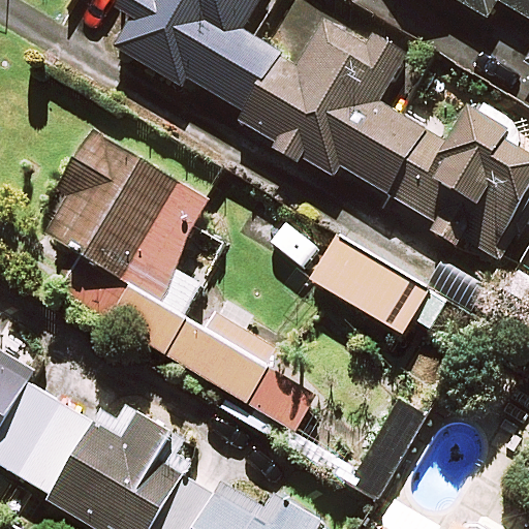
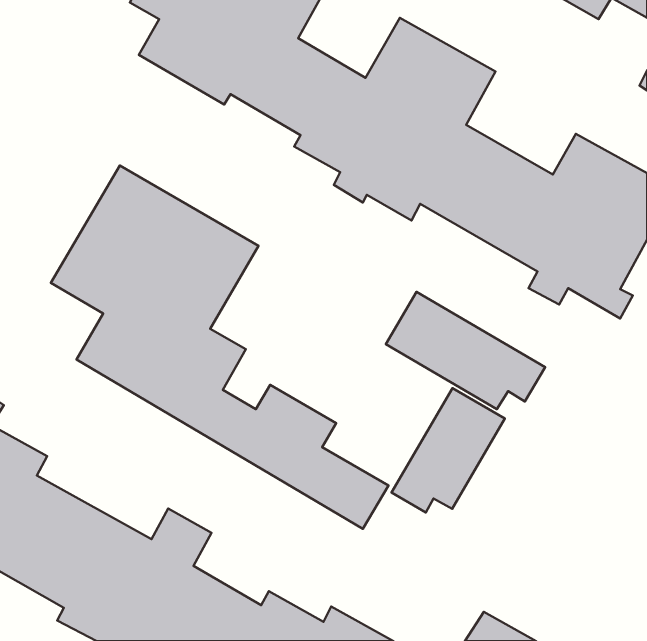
building: none -> [391,388,505,512]

